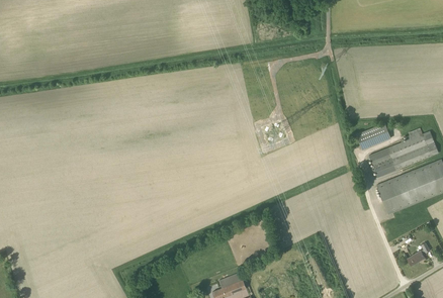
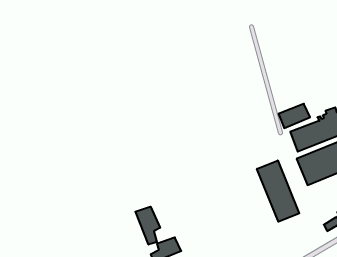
building: none -> [257,160,299,222]
building: none -> [135,207,160,245]

